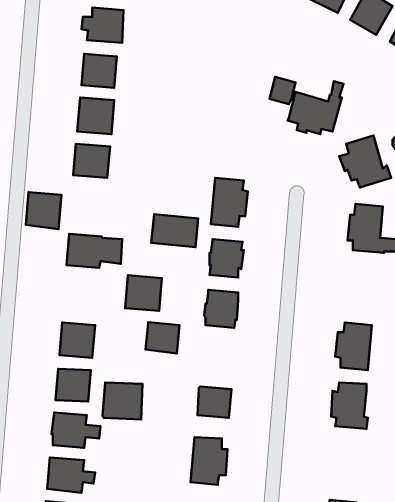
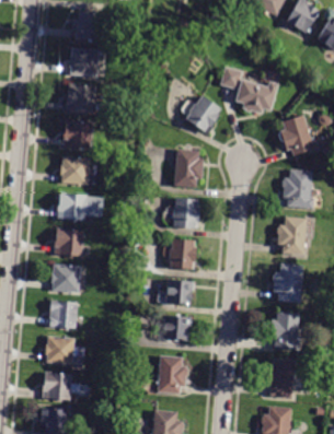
building: none -> [185,95,220,134]
building: [26,192,61,229] -> [60,155,89,185]
building: [151,214,198,247] -> none
building: none -> [276,215,306,254]
building: [125,275,162,311] -> [54,227,83,256]
building: [146,322,180,354] -> [164,279,192,304]
building: [102,382,142,419] -> none
building: none -> [265,357,293,397]

